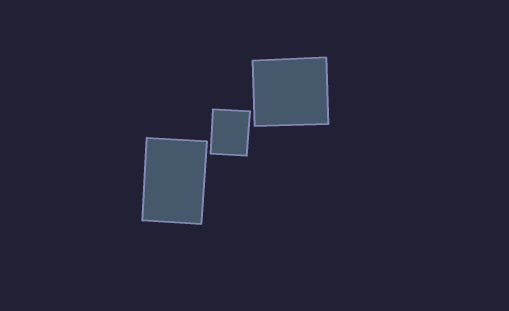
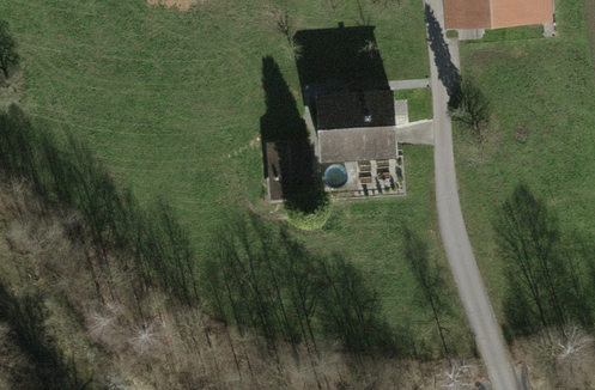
building: [142,138,207,224] -> none

